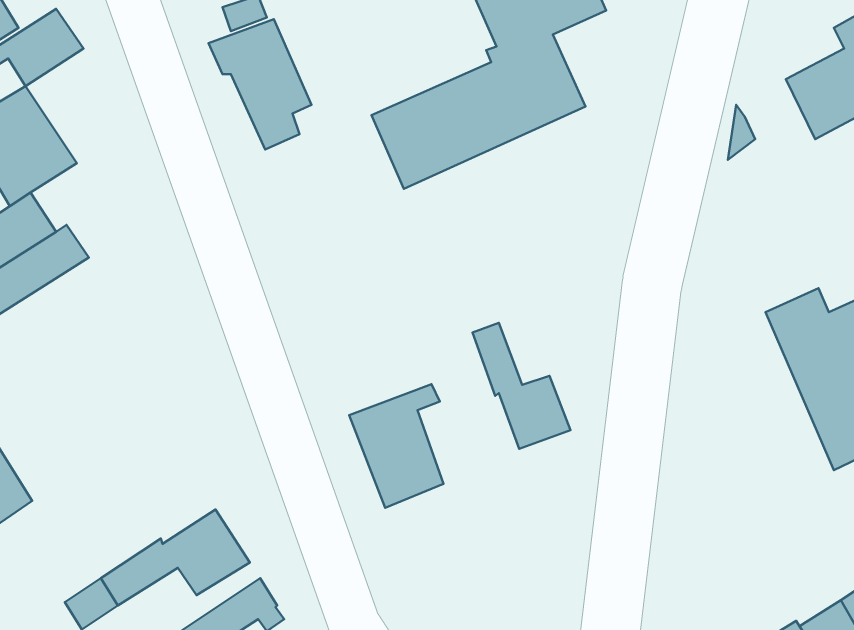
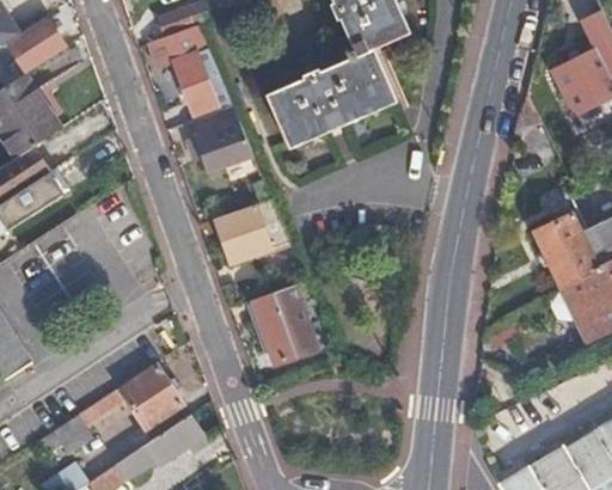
building: none -> [184,105,253,173]
building: none -> [216,200,287,263]
building: [473,323,571,449] -> none

